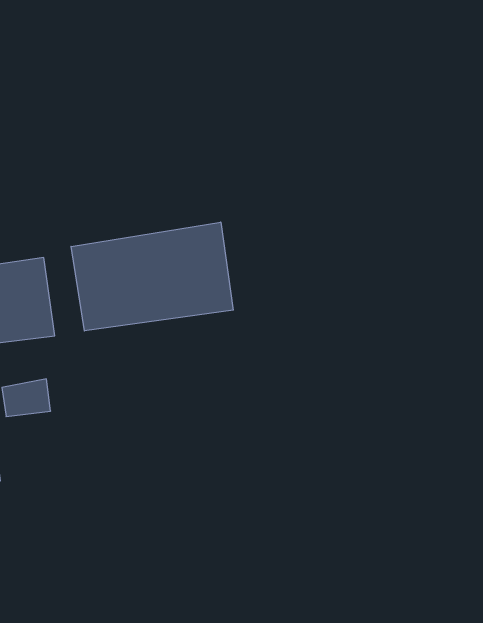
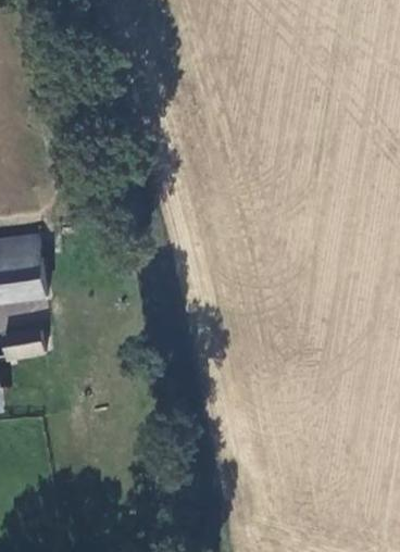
building: [71,222,233,331] -> none

